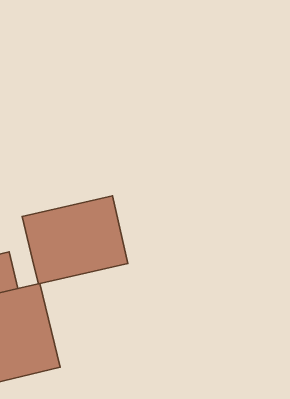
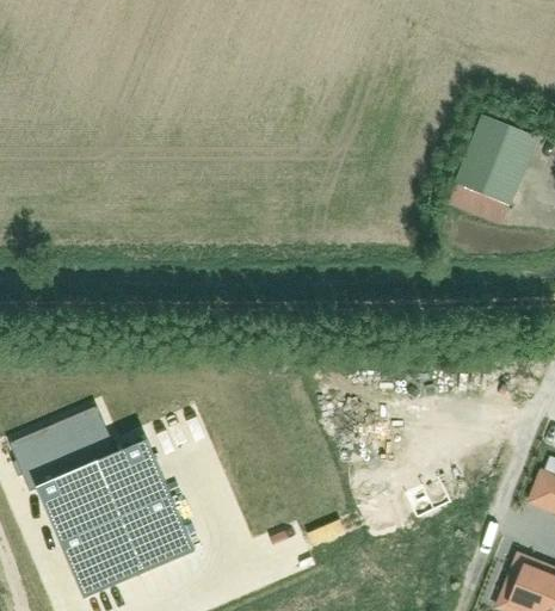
building: [22,196,128,284] -> none

